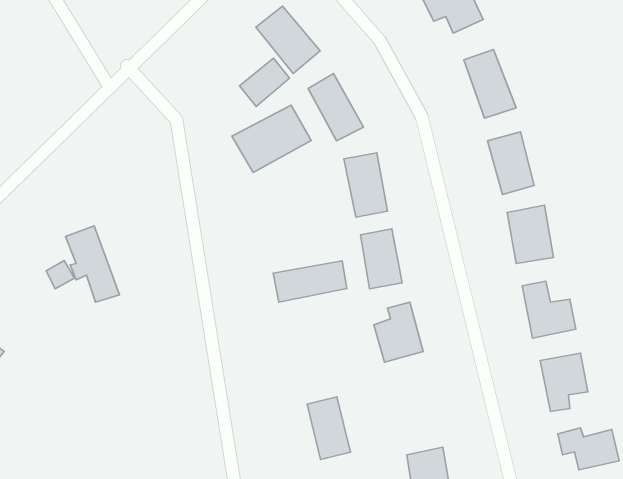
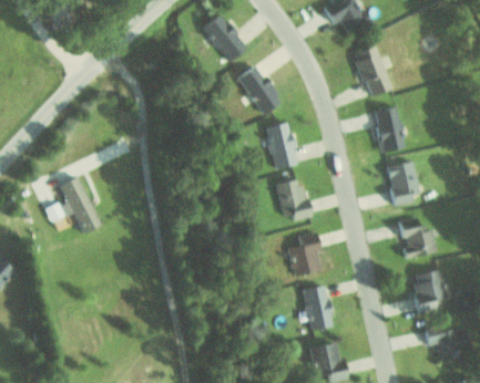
building: [239,58,289,106] -> none
building: [232,105,311,173] -> none
building: [273,261,347,302] -> none
building: [307,397,350,460] -> [302,284,334,331]

